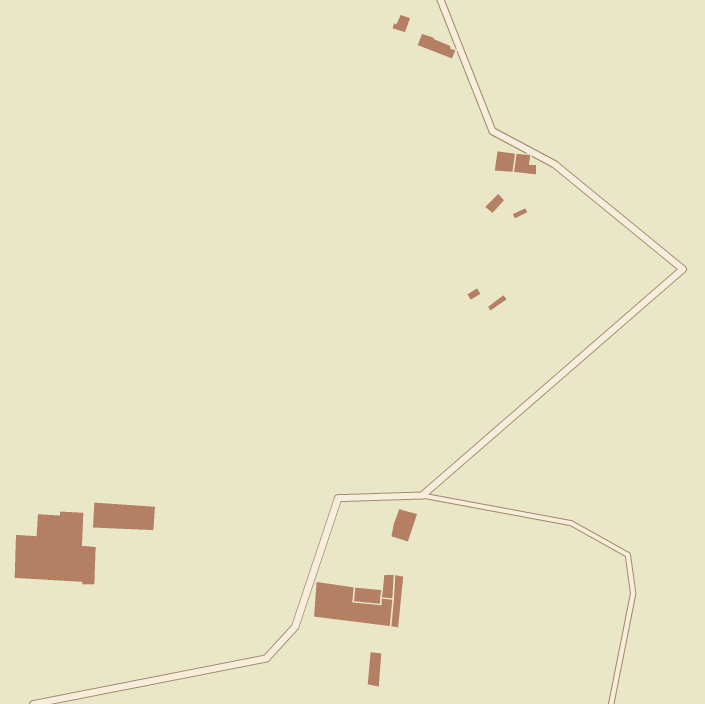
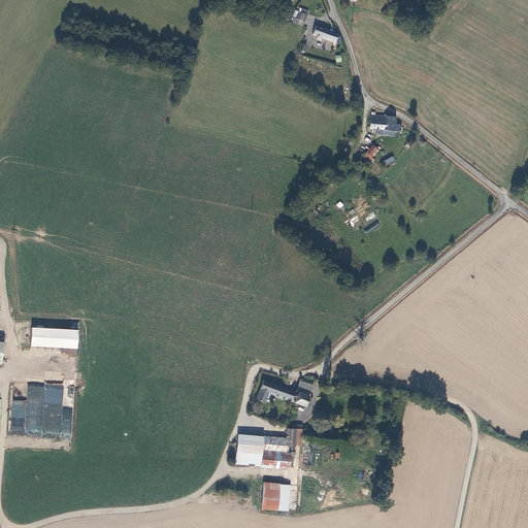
building: [92,502,156,531] -> [30,326,77,348]
building: none -> [255,381,294,402]
building: none -> [258,483,276,512]

